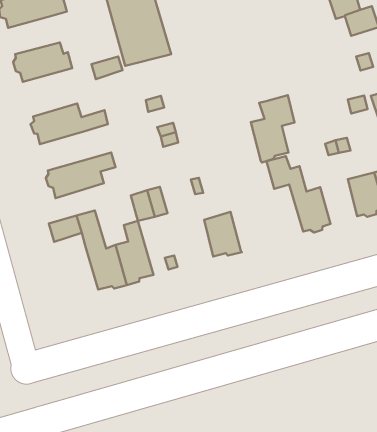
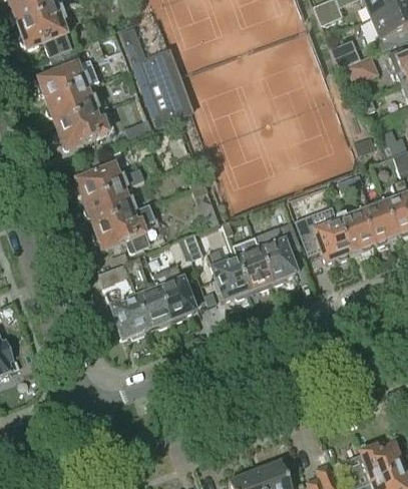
building: none -> [46,87,98,124]
building: [251,95,295,162] -> [260,221,299,284]
building: none -> [83,187,135,225]
building: none -> [338,210,373,252]
building: none -> [207,250,248,299]
building: none -> [106,289,147,338]

